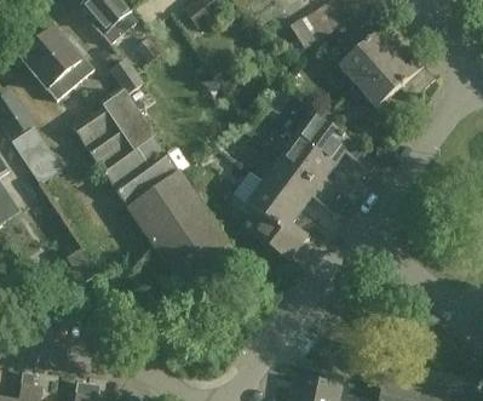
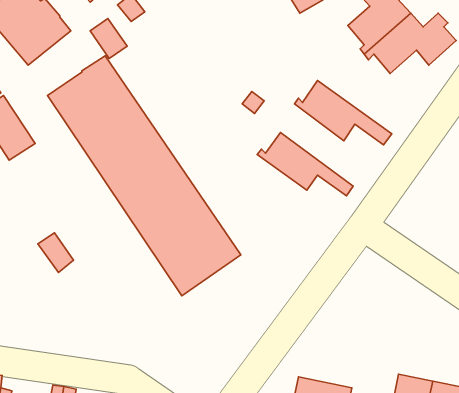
building: [280,133,351,206] -> none
building: [246,178,307,253] -> none

